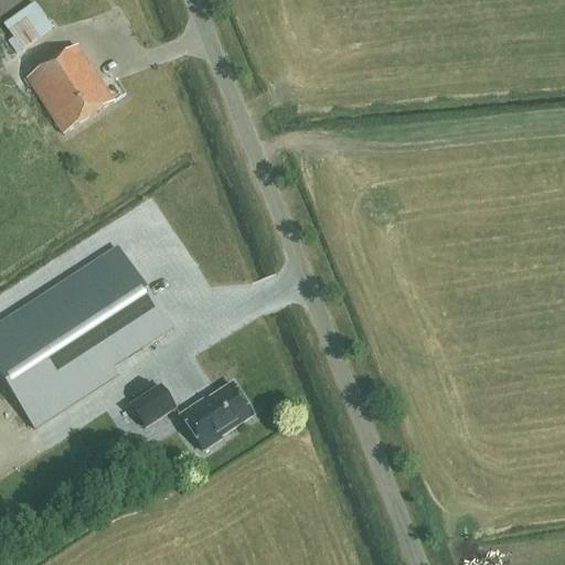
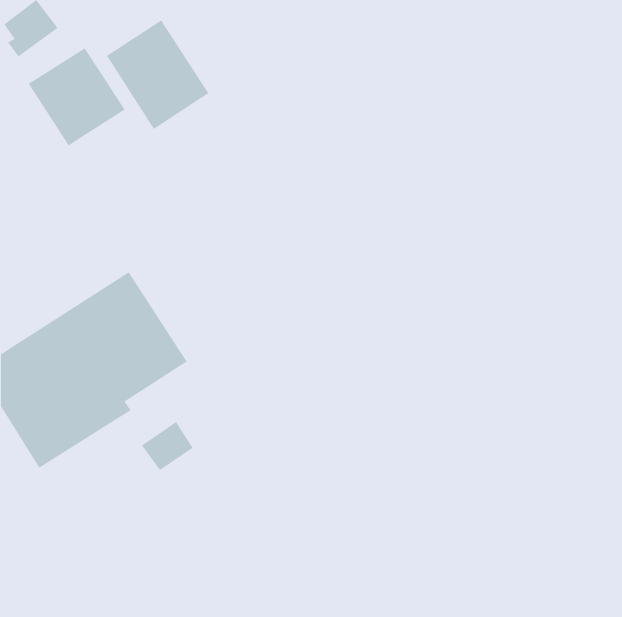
building: none -> [106,19,209,130]
building: [180,381,253,448] -> none

